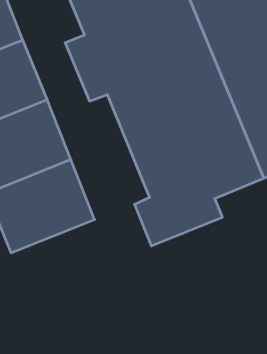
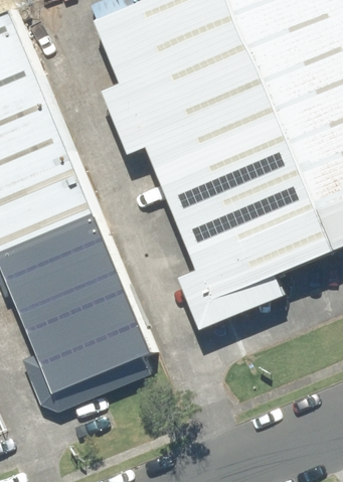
building: none -> [30,297,158,408]

